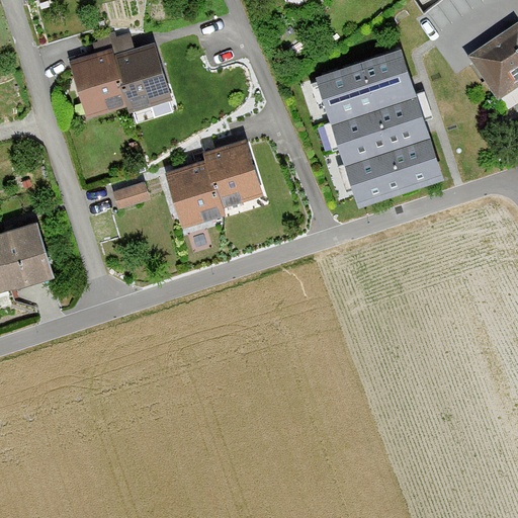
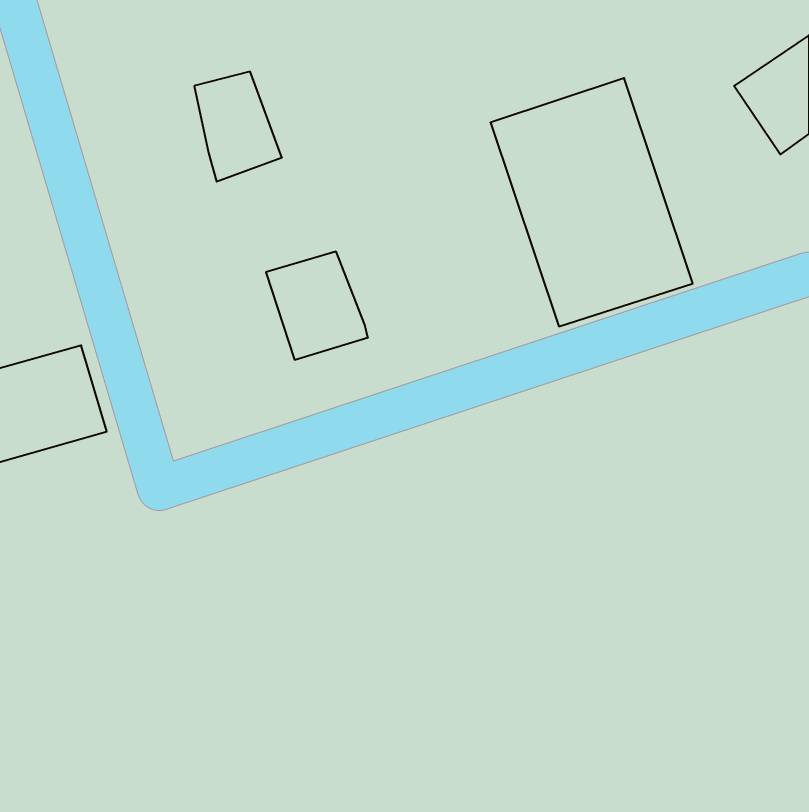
building: [71,46,133,109] -> none
building: [209,138,271,206] -> none
building: [113,178,156,208] -> none

